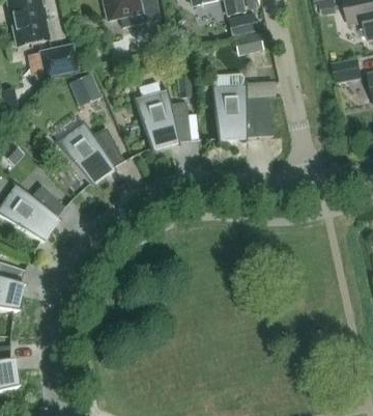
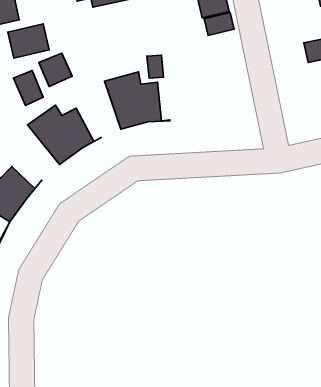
building: [199,73,272,139] -> none
building: none -> [14,71,43,106]

